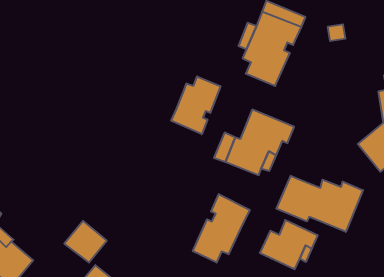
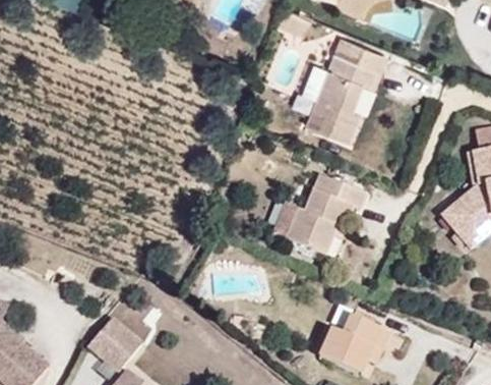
building: [171,76,220,134] -> none
building: [276,176,363,232] -> none
building: [193,194,250,263] -> none

